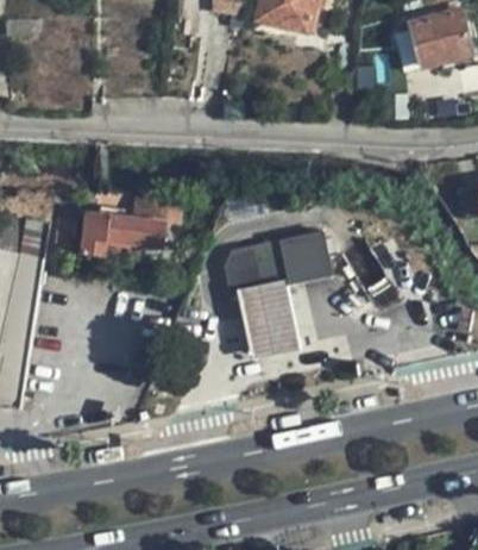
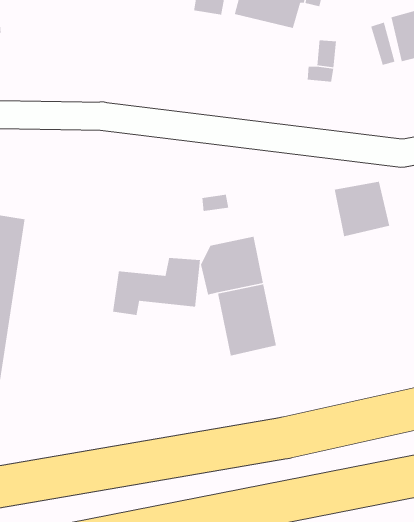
building: [78,199,166,257] -> [112,257,201,316]
building: [276,231,332,287] -> [334,181,390,237]

